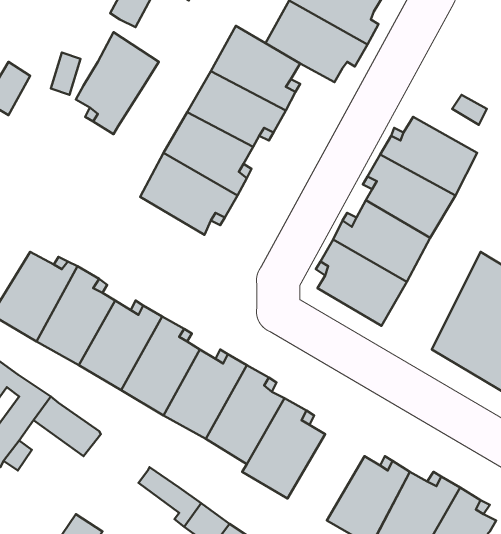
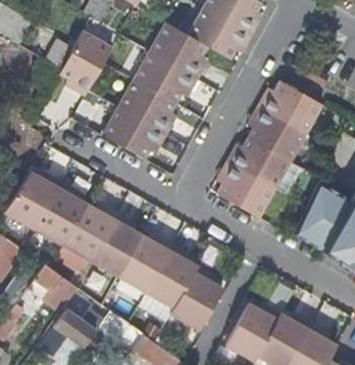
building: none -> [55,308,108,347]

